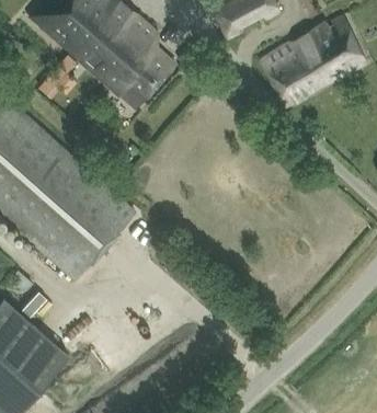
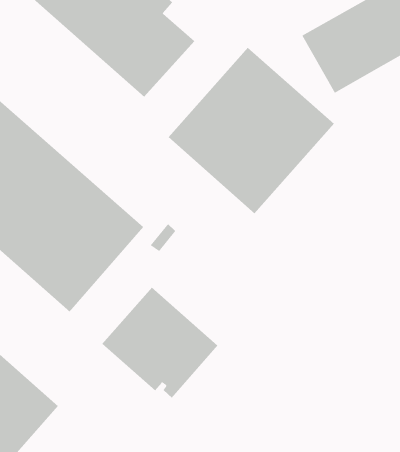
building: none -> [168,47,335,214]
building: none -> [102,287,218,398]

